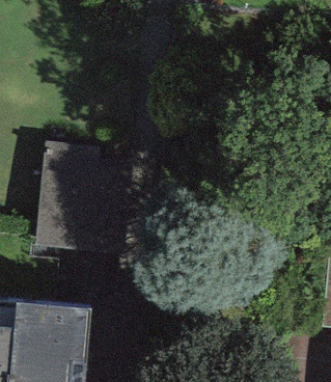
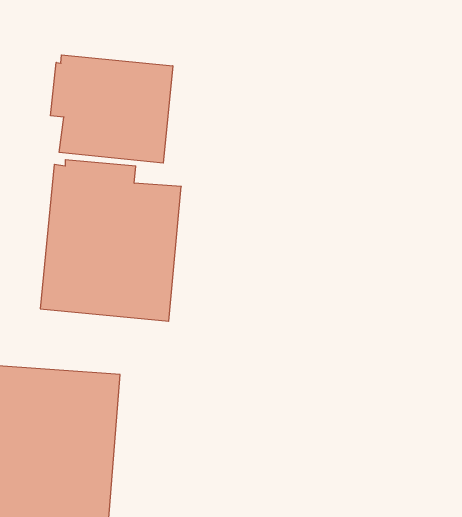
building: none -> [51,55,173,163]

